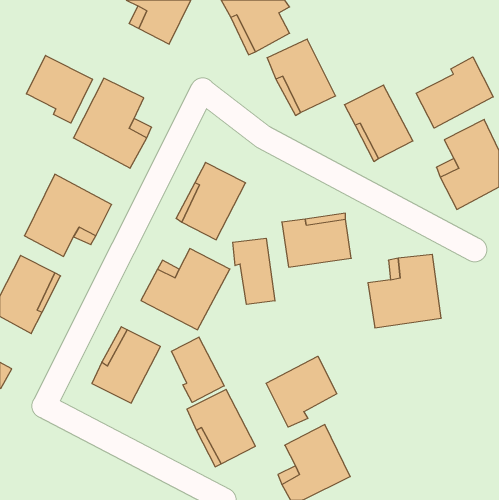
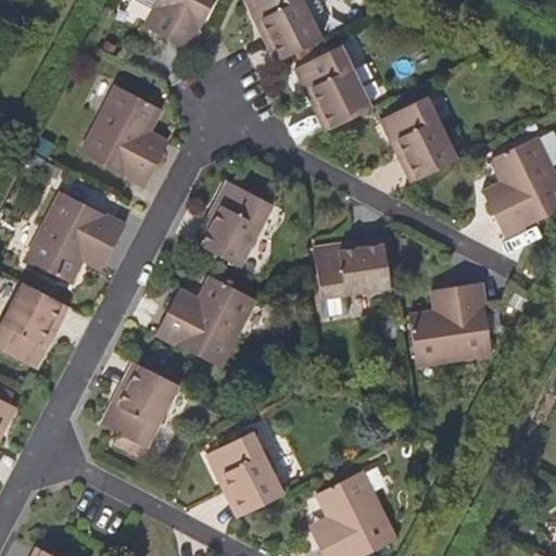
building: [26,55,92,123] -> none
building: [416,57,493,128] -> none
building: [233,238,275,304] -> none
building: [171,337,224,402] -> none
building: [266,356,337,427] -> none

